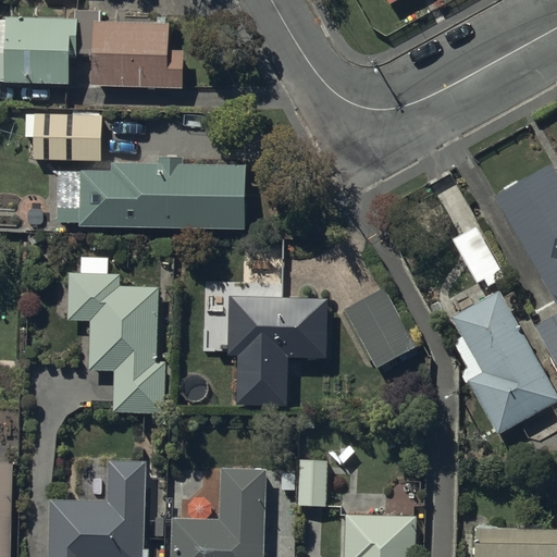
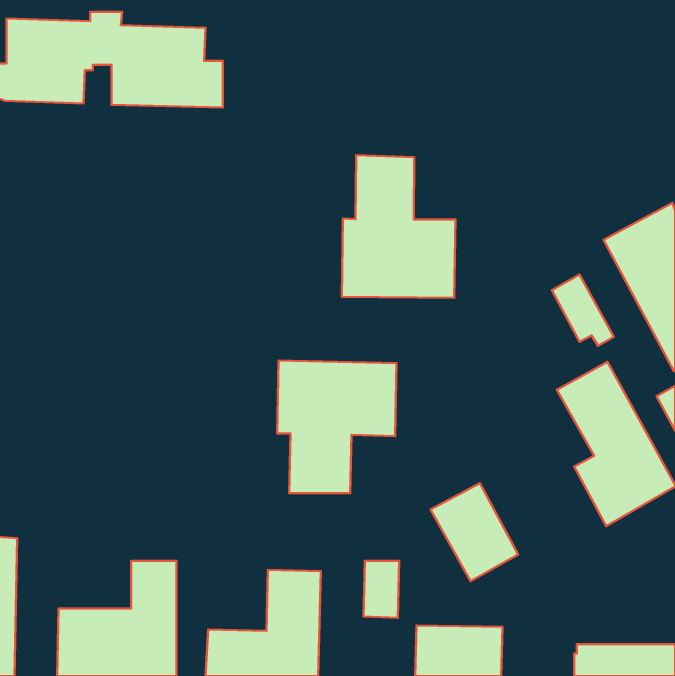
building: [25,111,102,160] -> none
building: none -> [342,155,455,298]
building: [57,158,245,228] -> none
building: [67,257,164,412] -> none
building: [342,287,413,368] -> [431,483,518,581]

